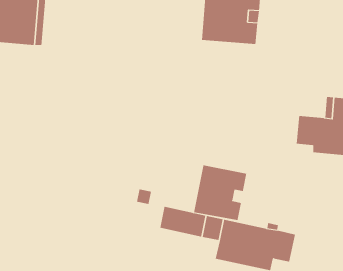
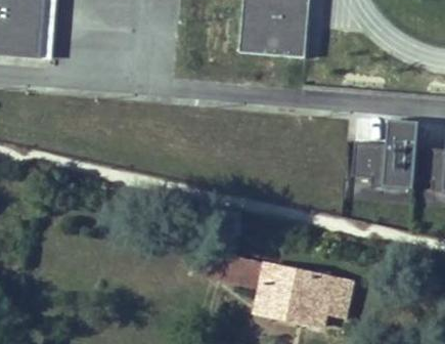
building: [193,165,247,221] -> none

